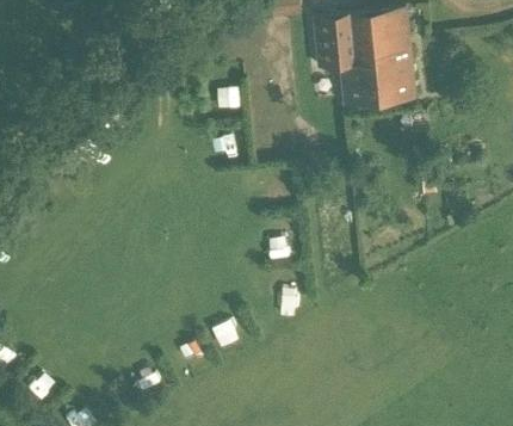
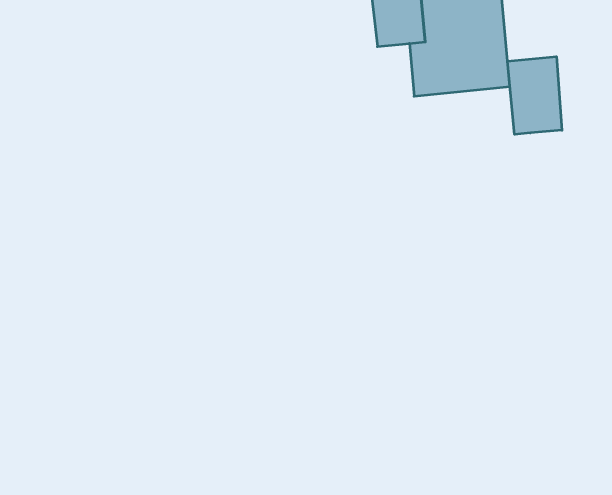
building: none -> [508,57,562,134]

